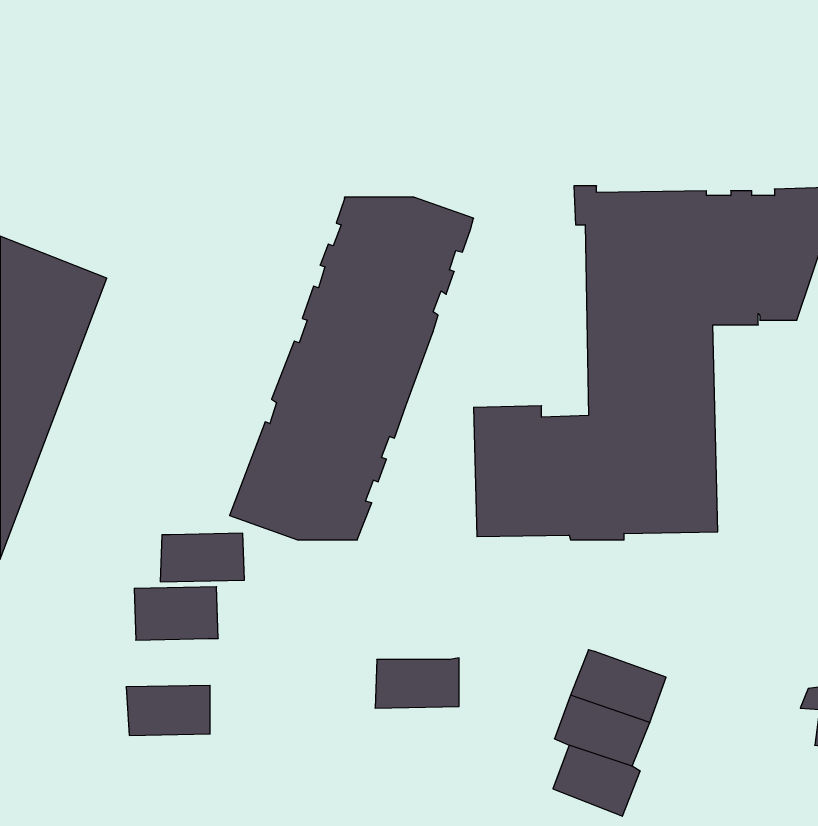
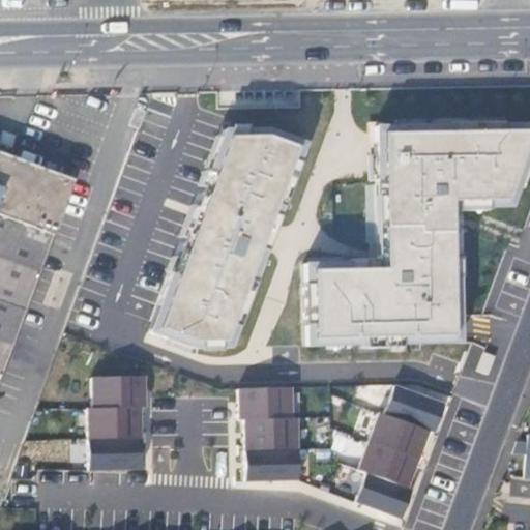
building: [160,533,244,582] -> [86,409,140,440]
building: none -> [386,388,448,436]
building: none -> [241,390,293,422]
building: none -> [245,452,299,483]

